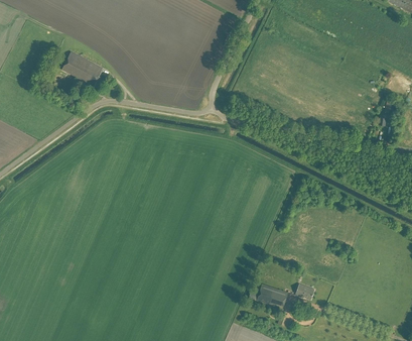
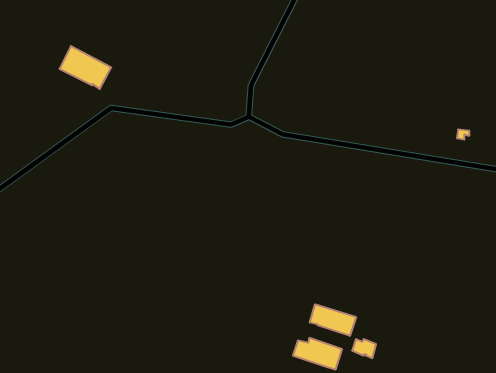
building: none -> [310,304,356,336]

